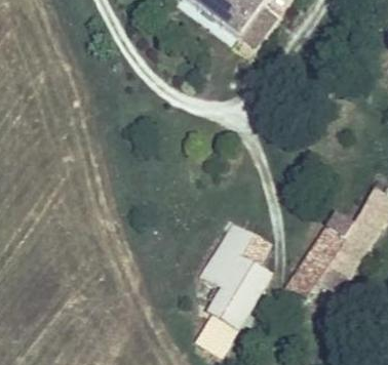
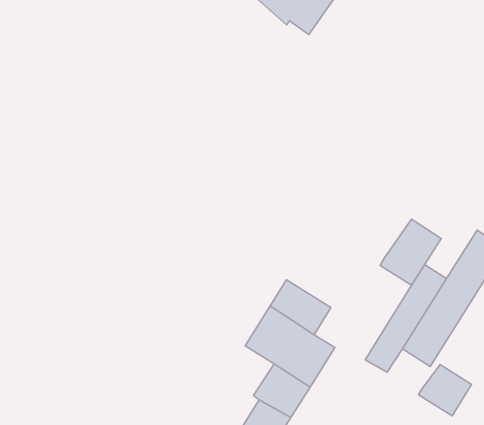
building: none -> [380,219,441,285]
building: none -> [419,364,472,416]

